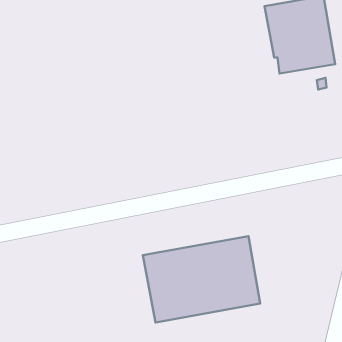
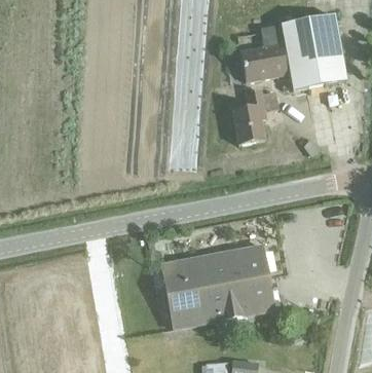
building: none -> [239,25,287,81]
building: none -> [232,90,264,145]

